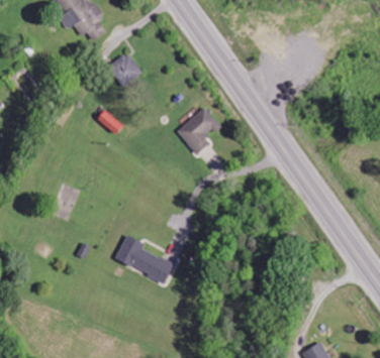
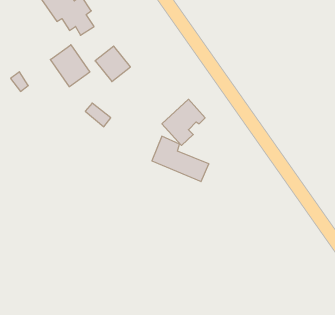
building: none -> [50,45,90,87]
building: [115,234,174,280] -> [152,136,209,182]

